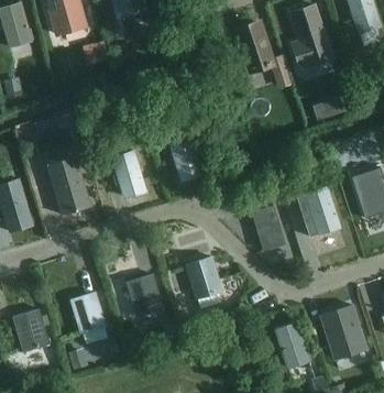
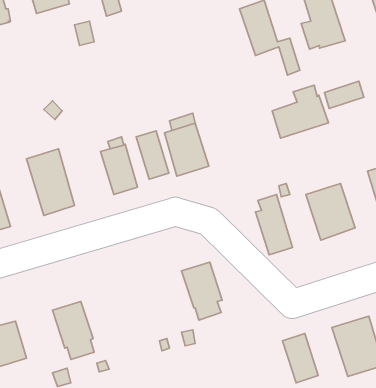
building: none -> [272,85,329,138]
building: none -> [136,131,169,179]
building: [127,276,162,317] -> none

